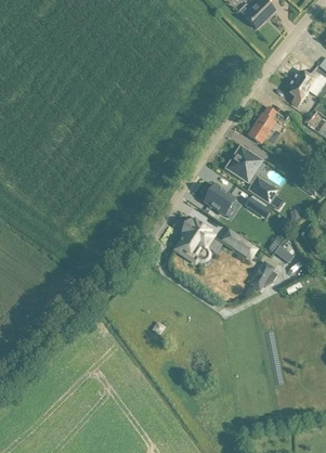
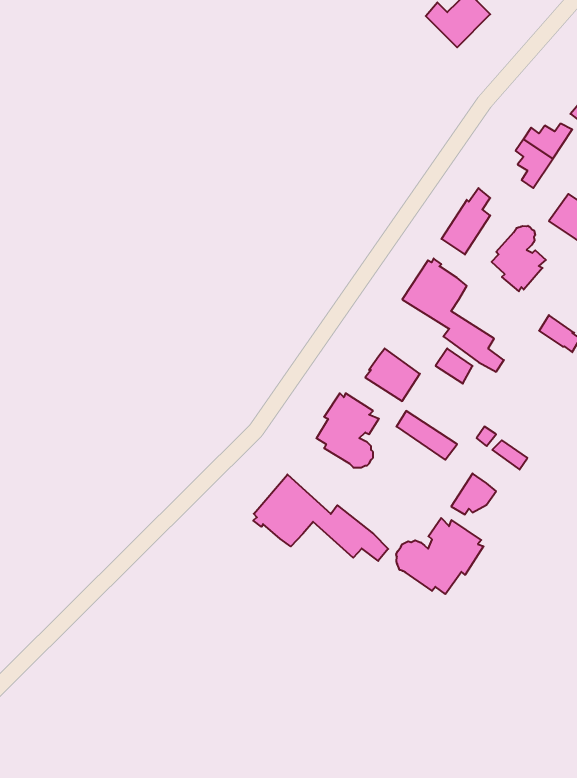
building: none -> [492,226,546,291]
building: none -> [253,474,388,561]
building: none -> [396,518,484,594]

